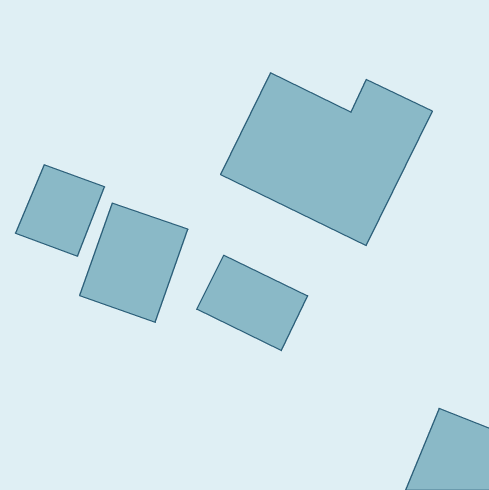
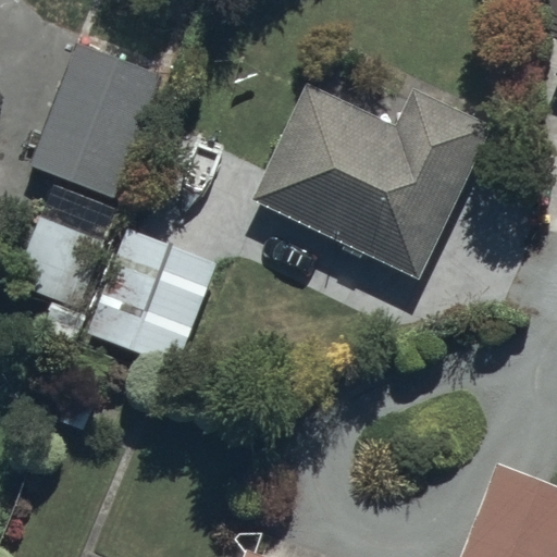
building: none -> [28,42,161,201]
building: [197,255,308,351] -> none

